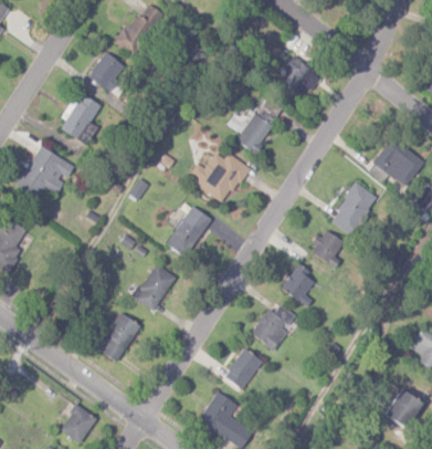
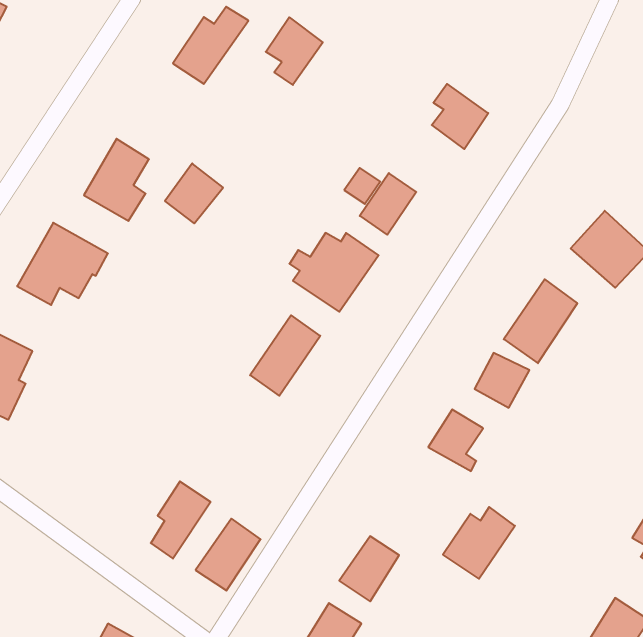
building: none -> [266,17,323,85]
building: [88,51,126,90] -> [165,163,223,223]
building: [134,263,176,310] -> [196,519,261,591]
building: [250,303,296,349] -> [443,507,515,579]

